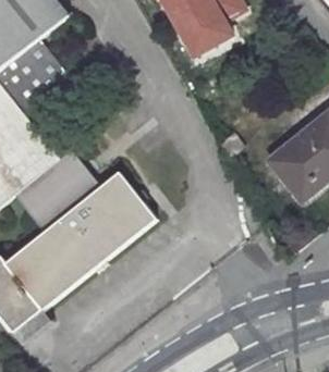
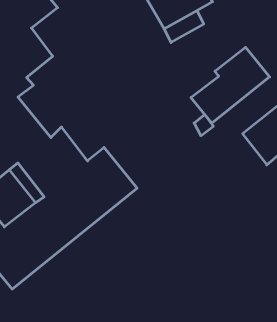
building: none -> [191,47,270,123]

